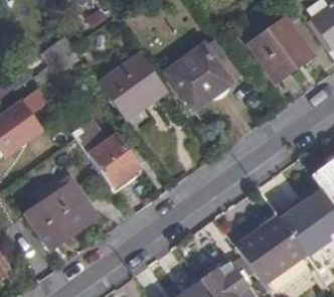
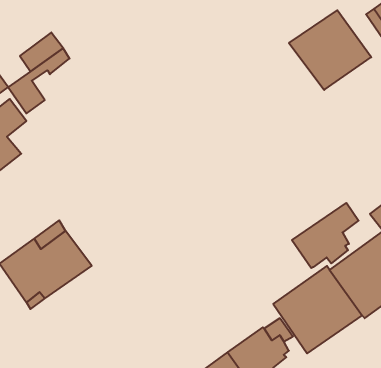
building: [170,46,240,108] -> none
building: [99,51,168,119] -> none
building: [72,123,138,188] -> none
building: none -> [292,203,359,268]

